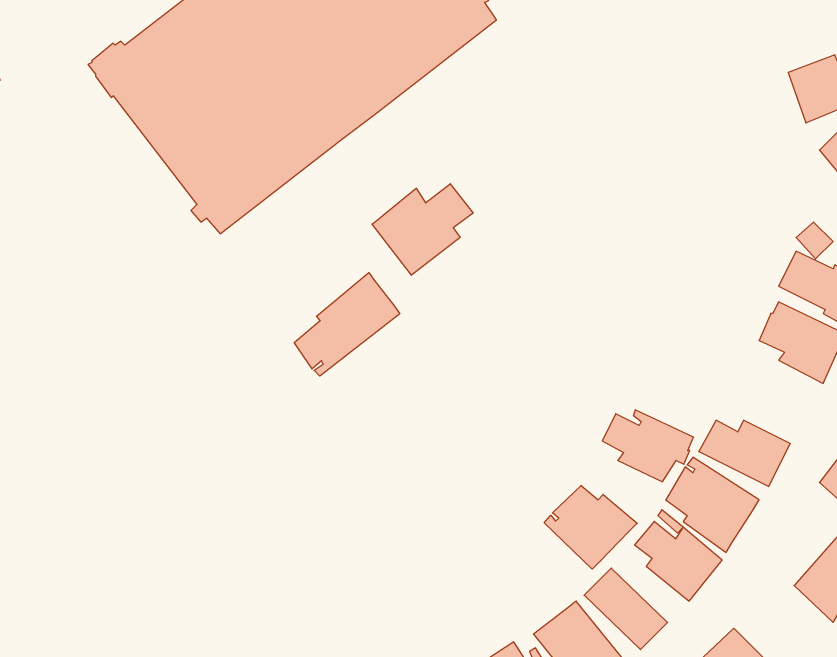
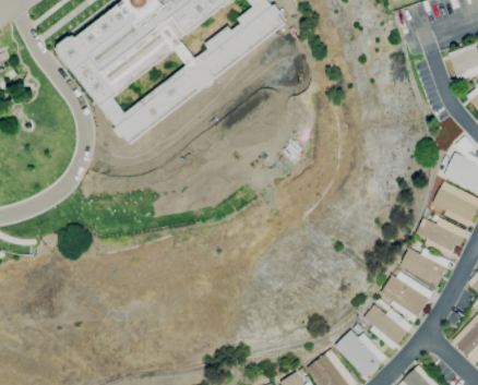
building: [372,184,473,275] -> none
building: [294,273,400,376] -> none
building: [602,410,694,482] -> [415,216,466,256]
building: [544,485,637,569] -> none

